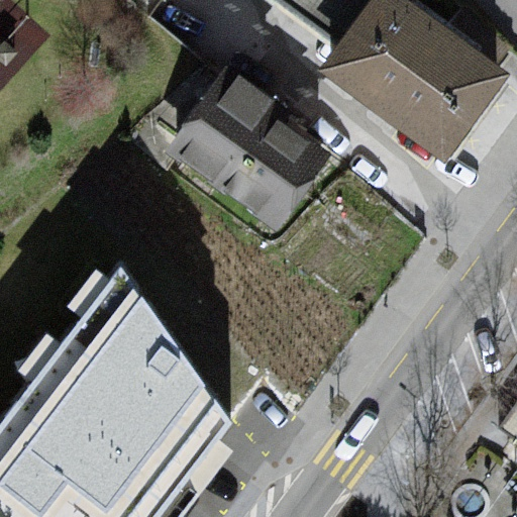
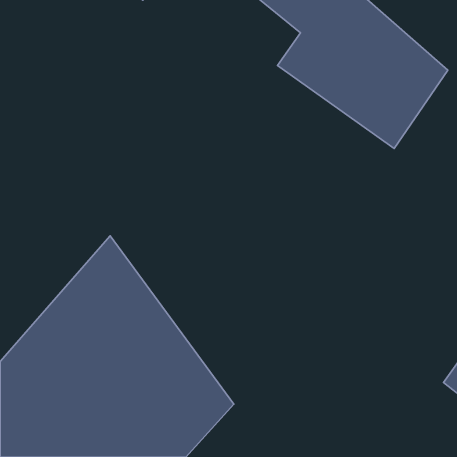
building: [167,63,333,234] -> none

